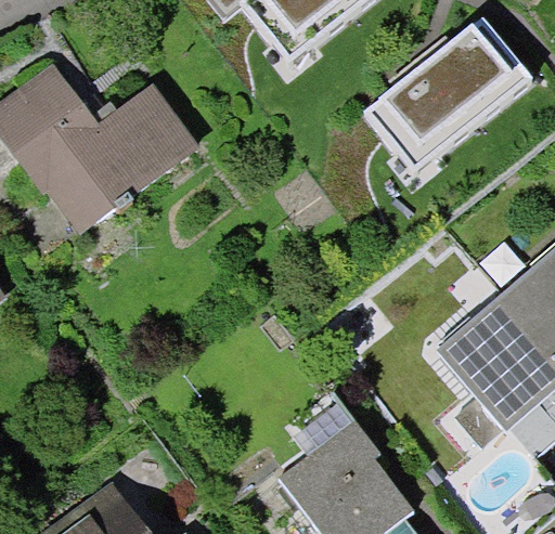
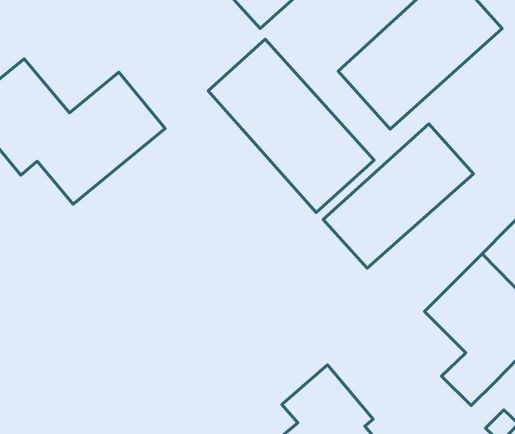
building: none -> [208,39,374,213]
building: none -> [323,124,474,268]

